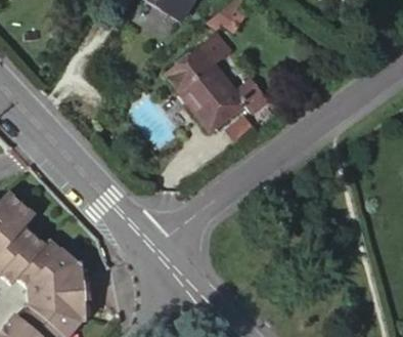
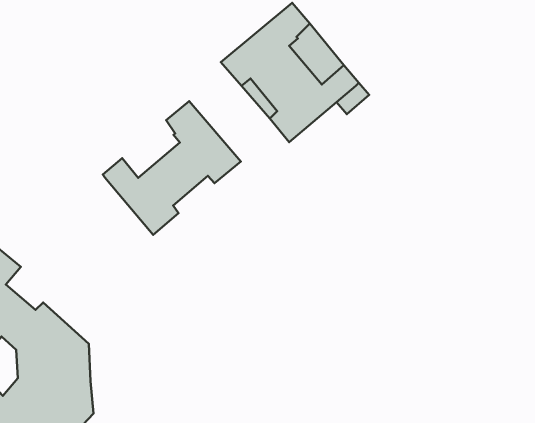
building: none -> [103,101,241,235]

